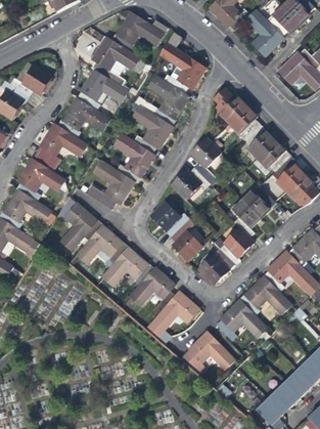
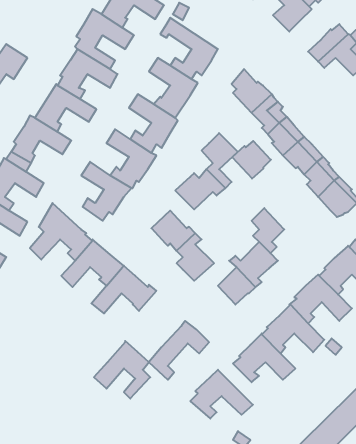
building: [243,185,275,216] -> [232,141,271,179]
building: [130,265,176,312] -> [94,341,150,399]

